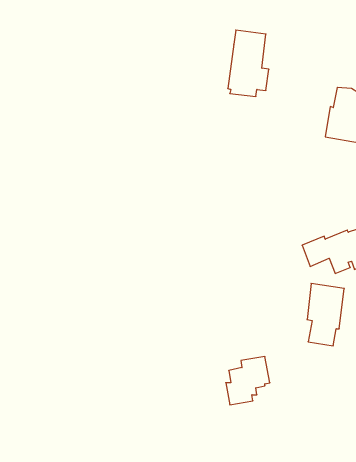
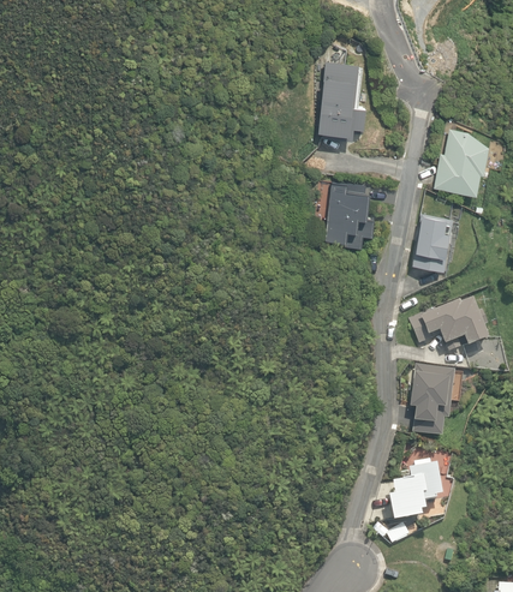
building: none -> [323,181,380,247]
building: none -> [407,214,448,269]
building: [226,357,270,405] -> [388,464,441,521]

